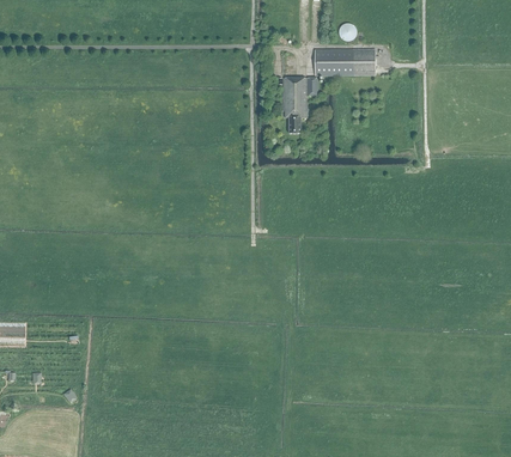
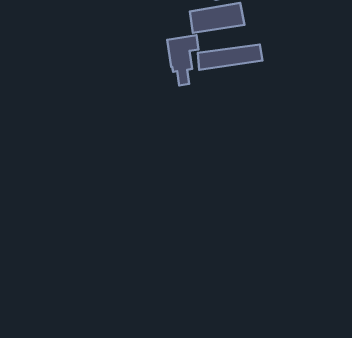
building: none -> [198,44,262,70]

